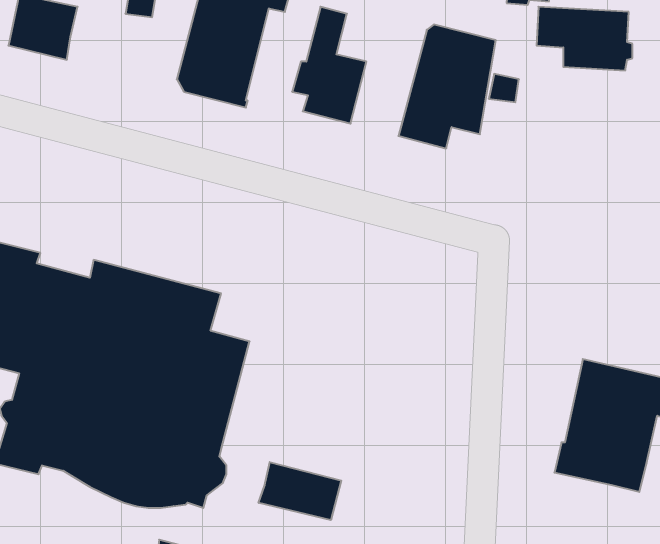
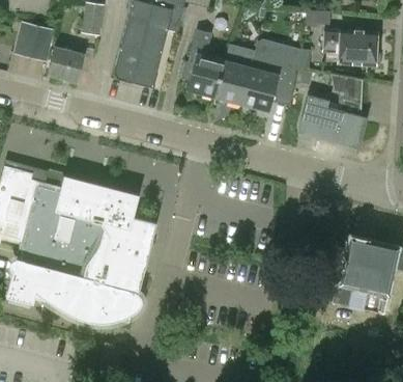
building: none -> [214,43,259,105]
building: none -> [49,48,85,83]
building: none -> [299,76,366,148]
building: [259,462,341,520] -> none

